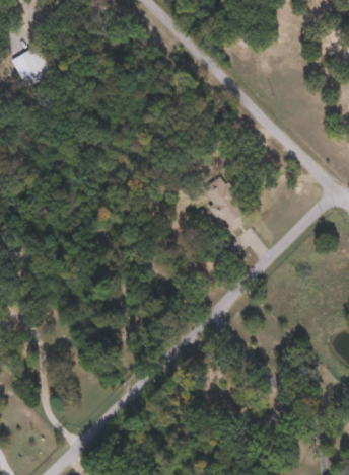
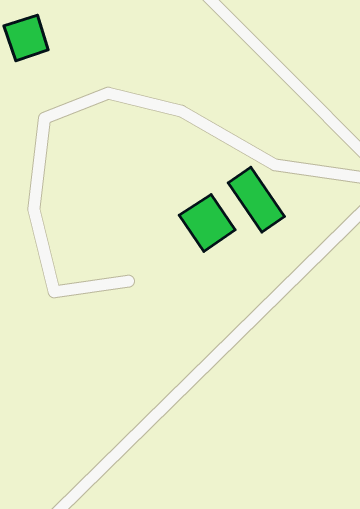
building: none -> [179,194,235,252]

